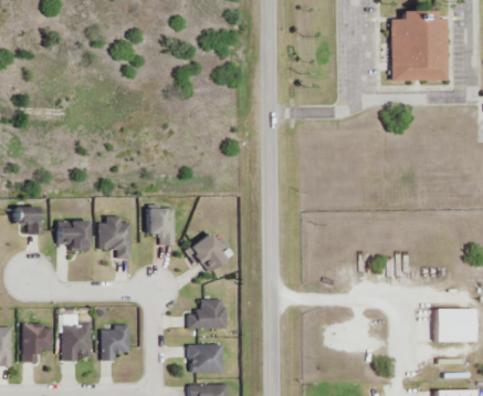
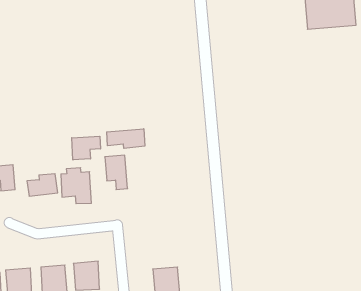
building: none -> [107,129,145,148]
building: none -> [72,136,100,160]
building: [190,229,229,272] -> none
building: [192,300,225,326] -> none

